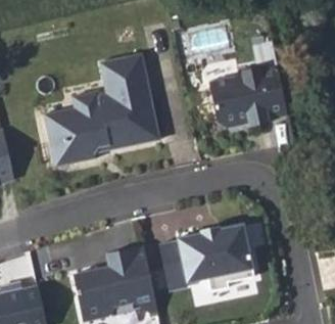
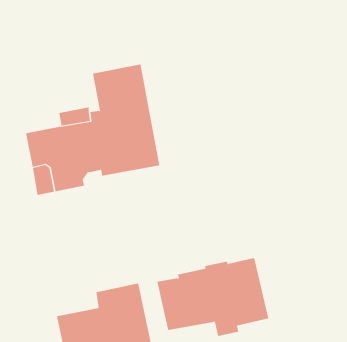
building: [211,68,289,129] -> none

